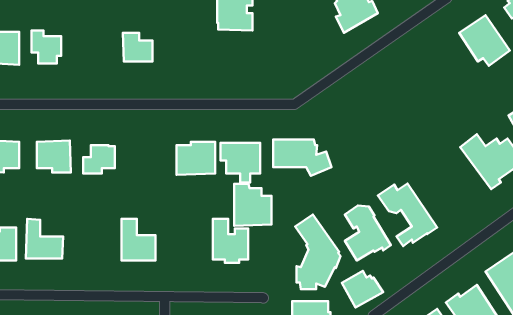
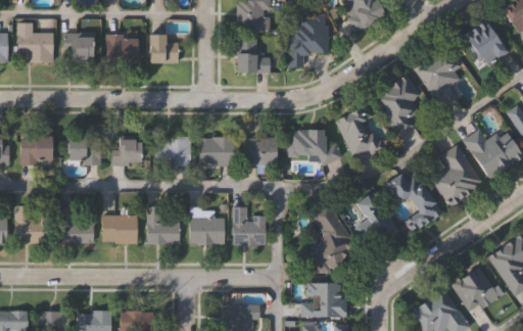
building: none -> [290,14,331,69]
building: none -> [108,34,140,62]
building: none -> [237,39,272,70]
building: none -> [413,43,463,107]
building: none -> [374,73,422,136]
building: none -> [336,103,392,155]
building: none -> [156,135,191,164]
building: none -> [429,144,482,206]
building: [234,184,271,226] -> [189,206,224,245]
building: none -> [103,207,138,244]
building: [342,271,383,308] -> none

